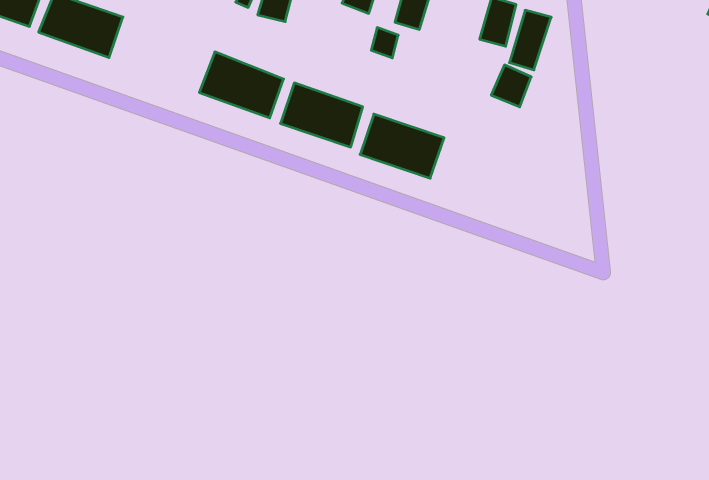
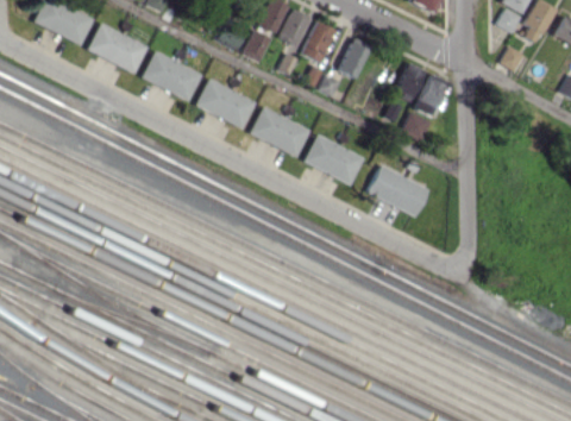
building: none -> [142,50,201,100]
building: none -> [368,165,429,215]

